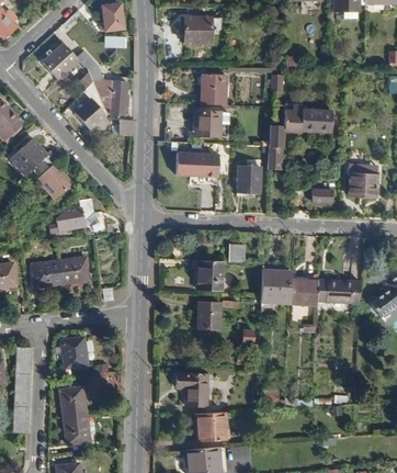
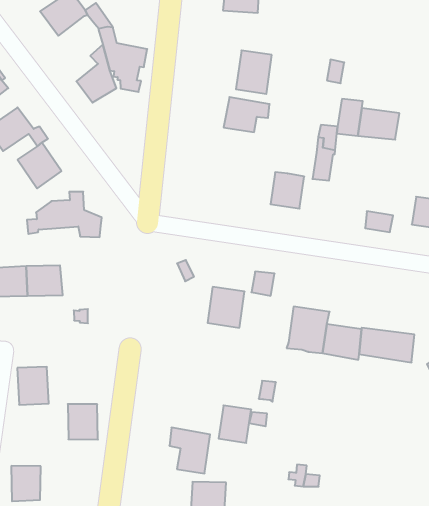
building: [177,153,219,178] -> none
building: [200,303,223,330] -> [219,405,251,443]
building: [54,387,80,417] -> [68,404,98,440]

